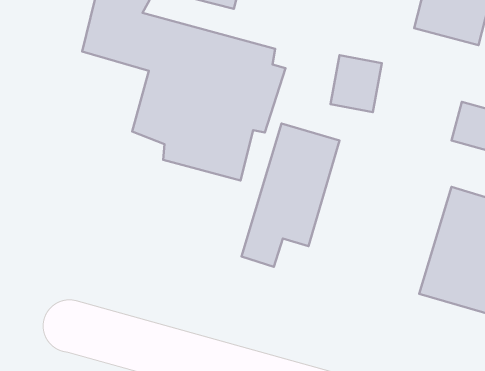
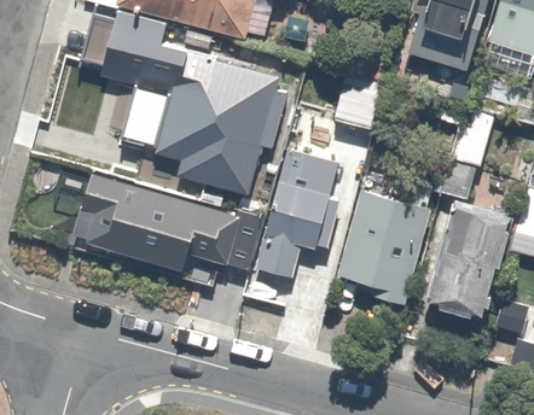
building: none -> [71,173,242,273]
building: none -> [333,180,436,304]

